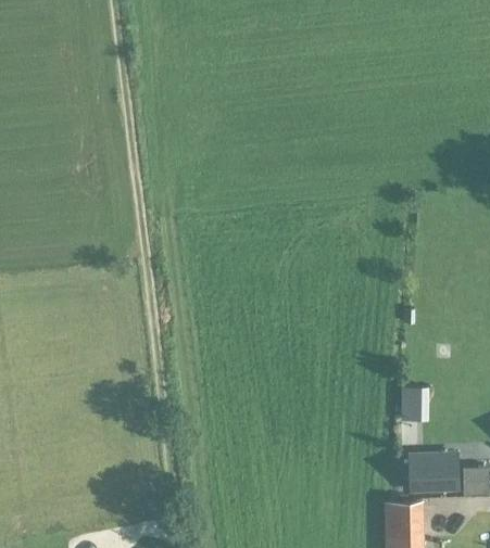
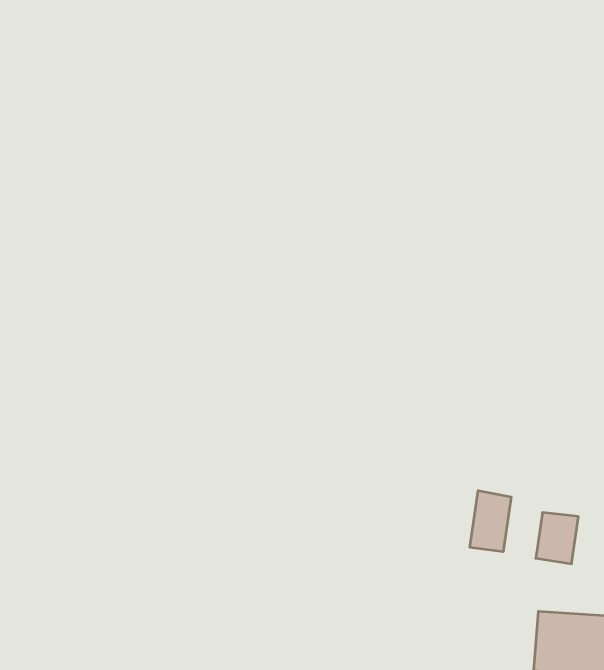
building: none -> [470,491,511,552]

